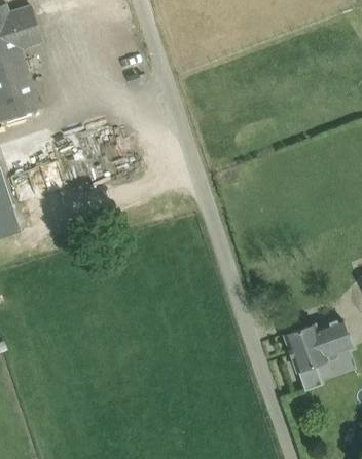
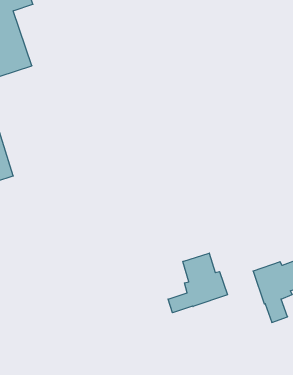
building: none -> [168,253,227,313]

